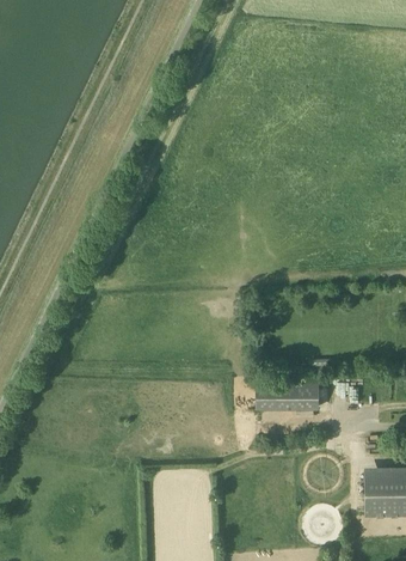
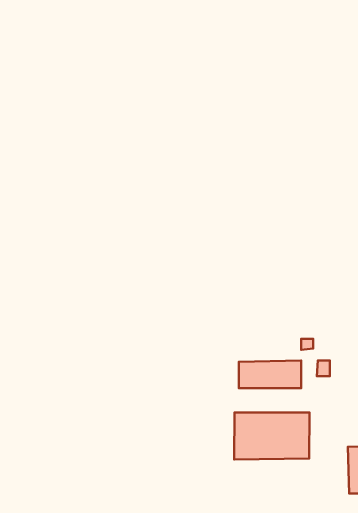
building: none -> [234,412,310,460]

